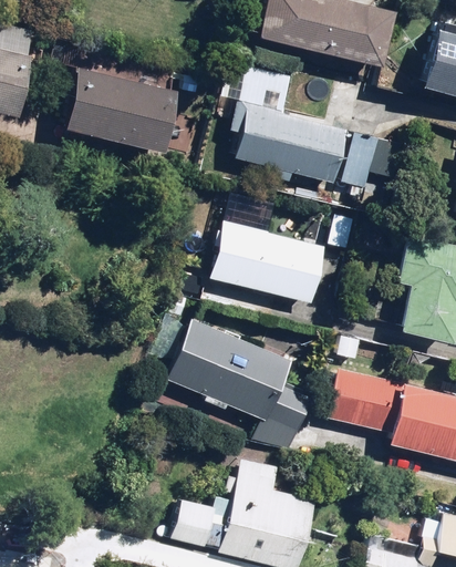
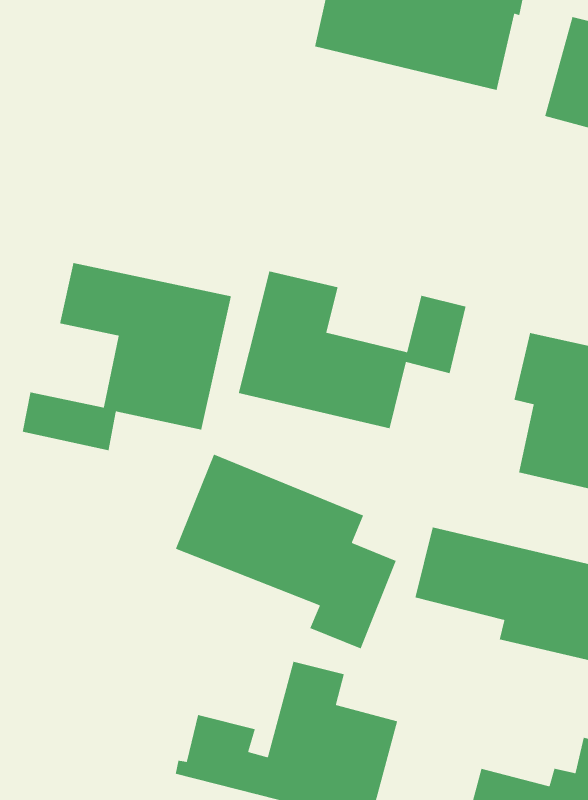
building: [64,52,203,154] -> none
building: [234,66,384,192] -> none
building: none -> [22,262,232,451]

